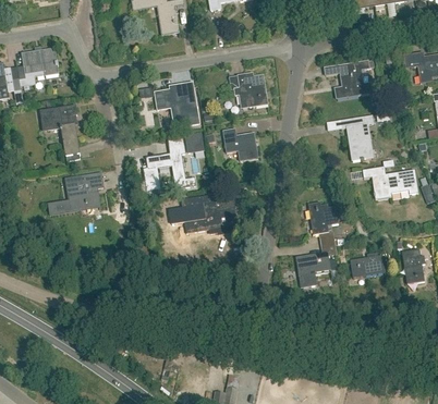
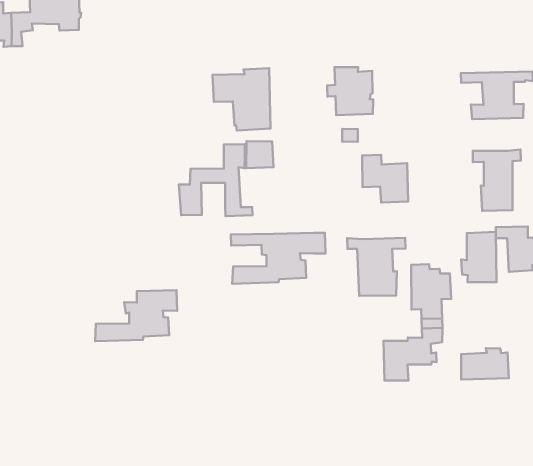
building: [40,105,80,160] -> none
building: [222,128,258,161] -> [362,155,408,202]
building: [48,172,102,215] -> [95,290,177,341]
building: none -> [461,232,497,282]
building: none -> [347,238,406,296]

